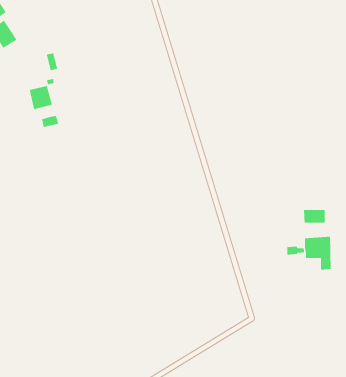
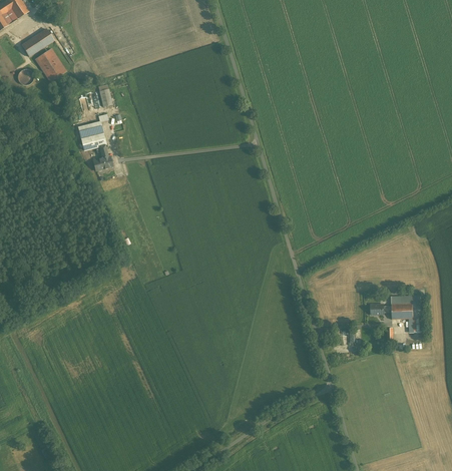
building: [303,209,325,224] -> none

